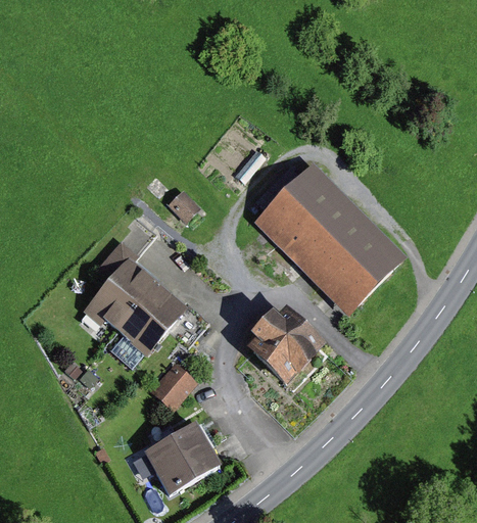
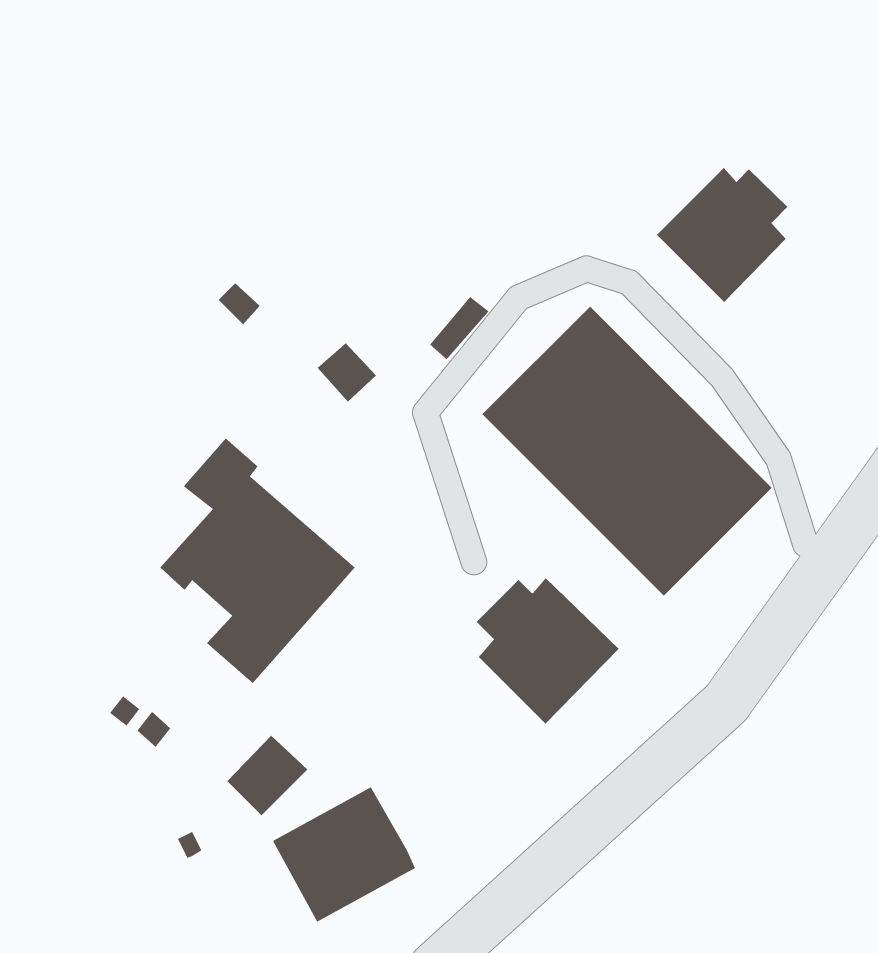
building: none -> [656,167,788,303]
building: [152,360,195,402] -> [227,735,308,816]

